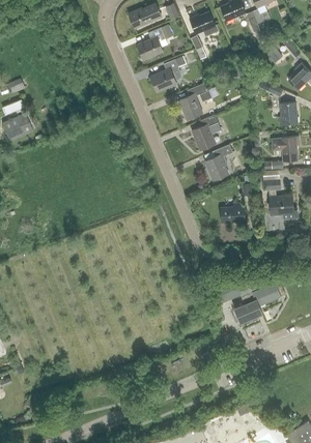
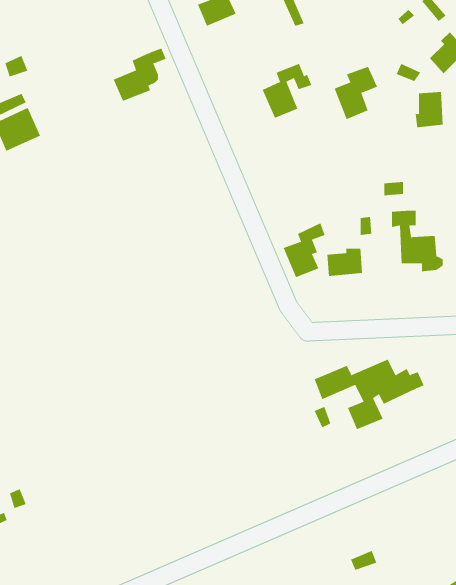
building: [150,56,186,91] -> [113,48,167,102]
building: [192,115,221,150] -> [334,66,378,120]
building: [272,136,300,160] -> none
building: [204,144,232,180] -> [283,223,326,278]

